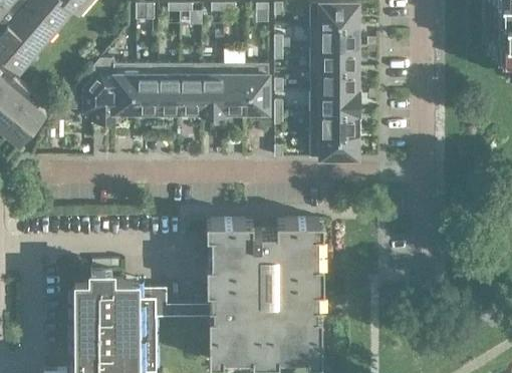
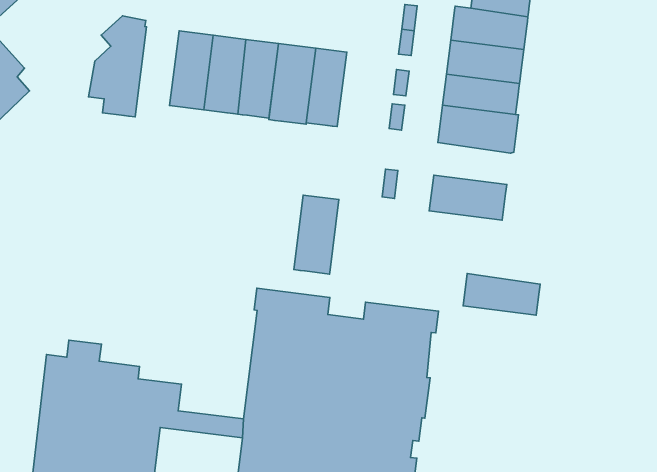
building: [114,65,136,123] -> none
building: [244,65,267,113] -> [294,195,339,274]
building: [309,115,356,136] -> [463,273,540,315]

